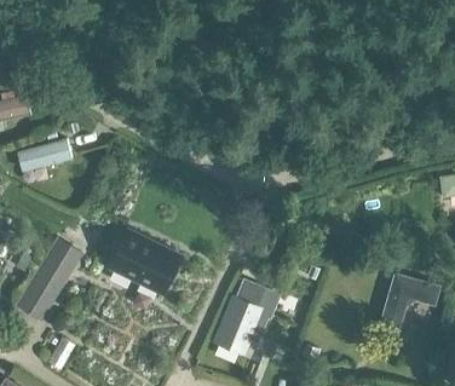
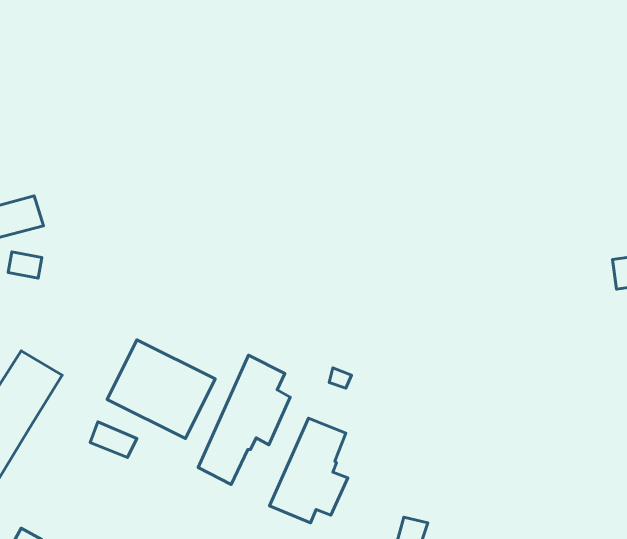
building: none -> [198,355,290,484]
building: [379,273,440,336] -> none

